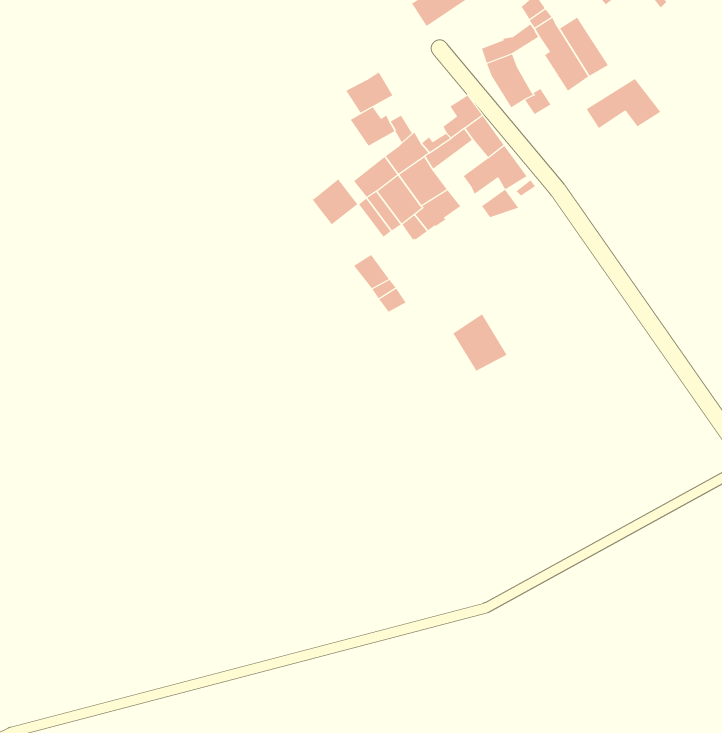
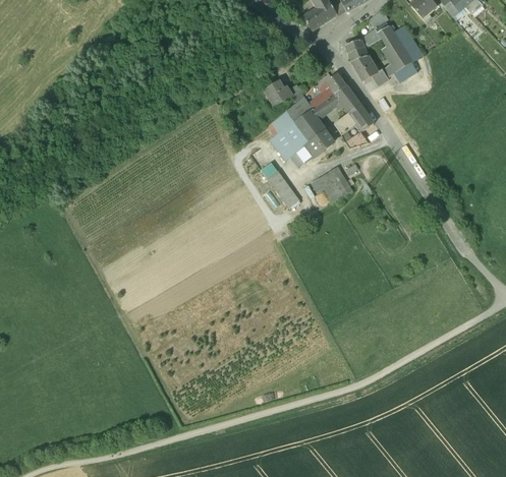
building: [345,71,393,113] -> none
building: [586,78,661,129] -> none
building: [312,179,358,225] -> none
building: [453,313,507,372] -> [319,165,352,200]

